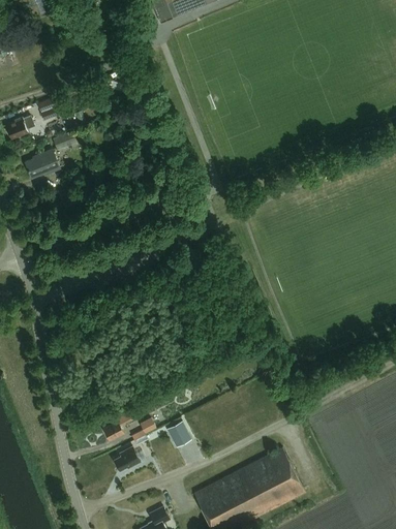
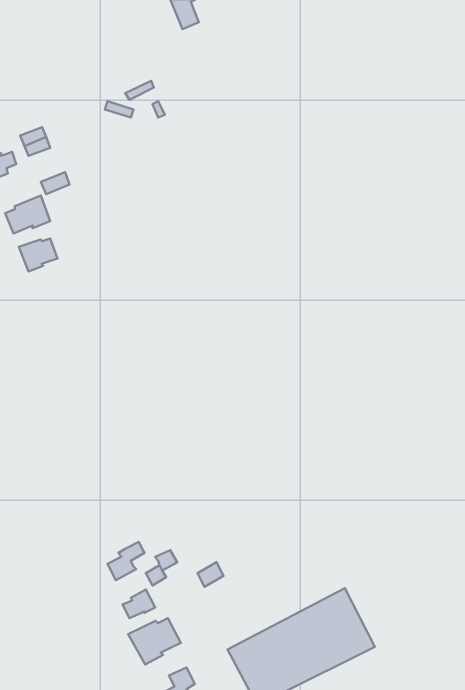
building: none -> [19,239,58,271]
building: none -> [128,618,181,665]

